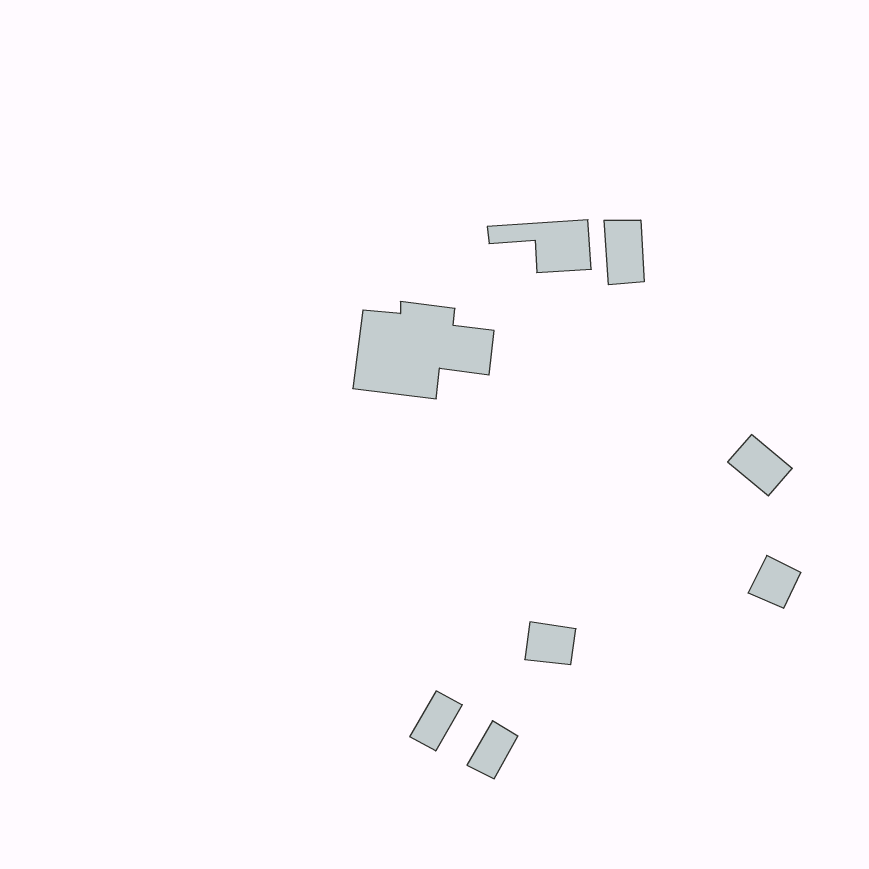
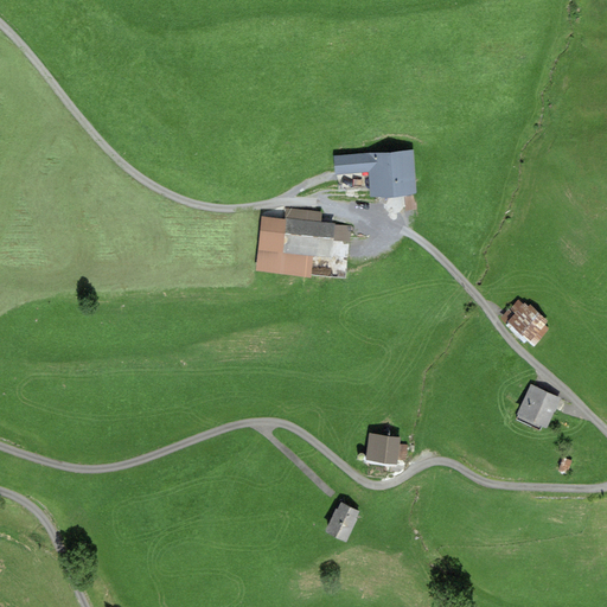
building: [604,220,644,285] -> none
building: [410,691,462,751] -> none

